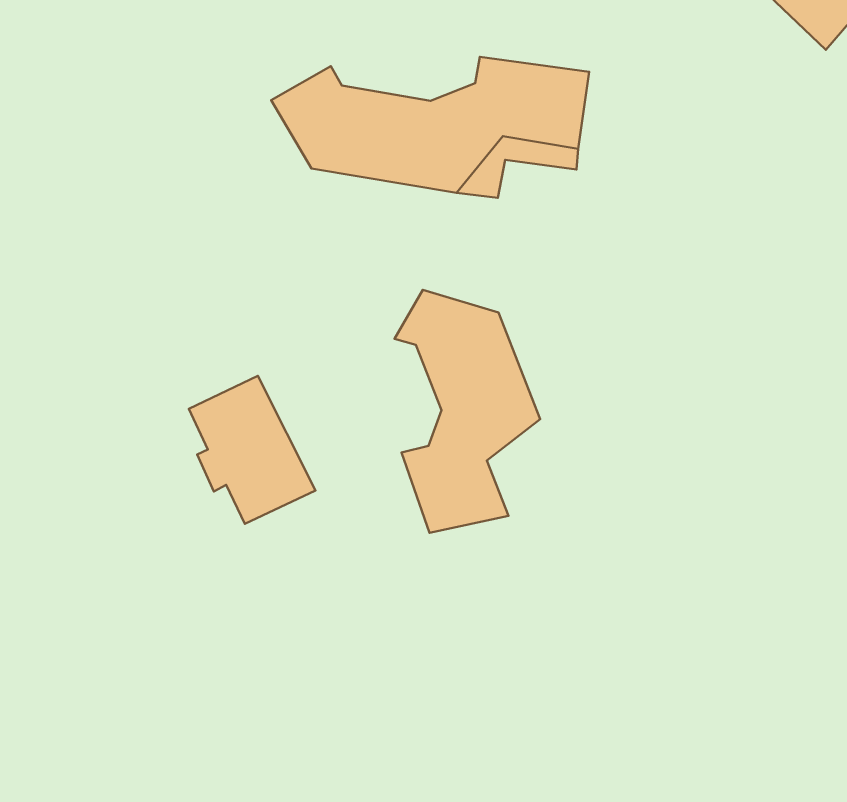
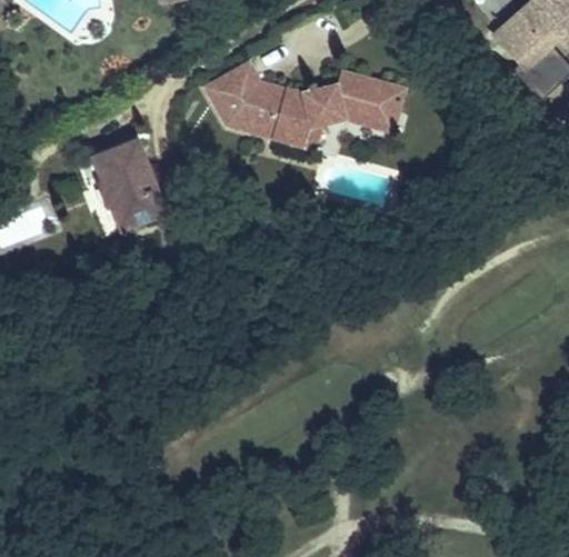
building: [394,290,540,533] -> none
building: [189,376,316,524] -> [94,139,166,227]

